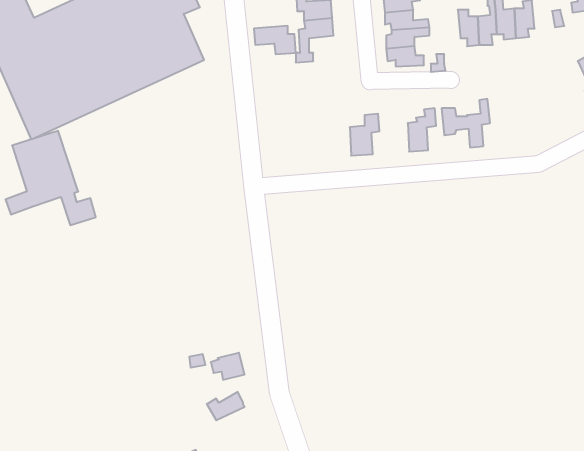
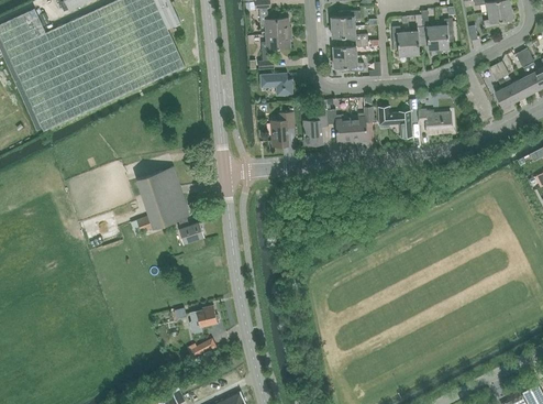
building: [254,26,296,54] -> [259,72,293,95]
building: none -> [328,109,352,141]
building: none -> [419,109,452,132]
building: none -> [270,111,295,145]
building: [5,131,96,225] -> [131,166,204,243]

